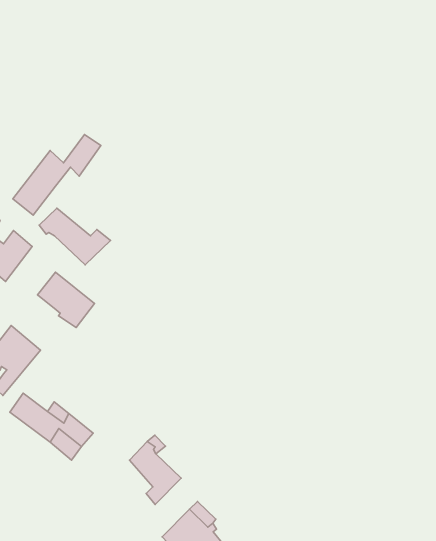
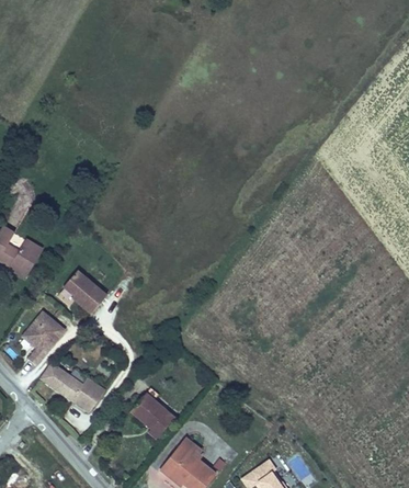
building: [13,134,101,215] -> none
building: [39,208,111,265] -> none

